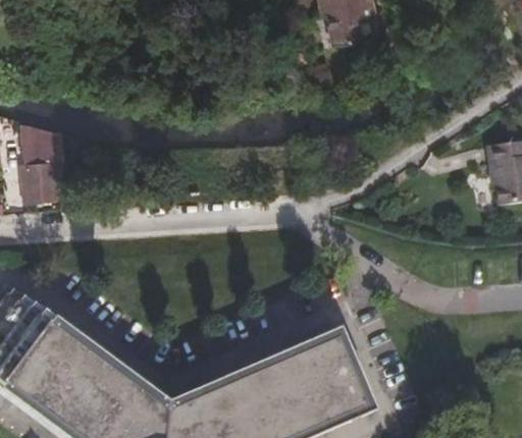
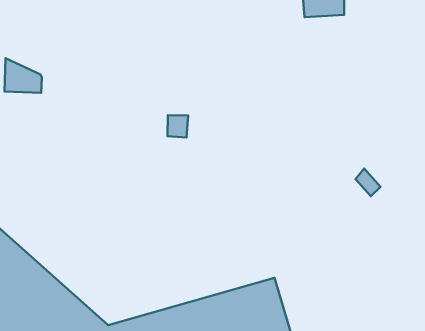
building: [28,160,70,201] -> none

